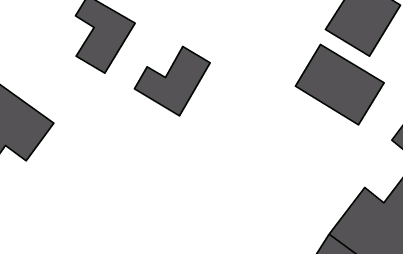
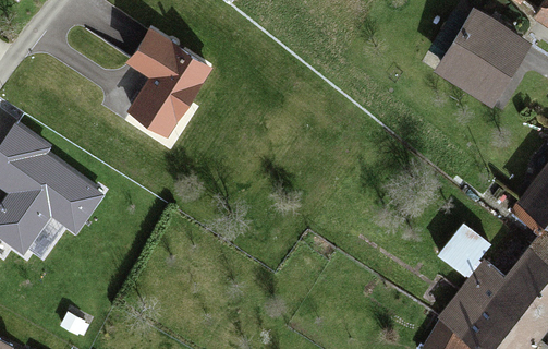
building: [296,45,384,125] -> none
building: [134,47,210,116] -> none

